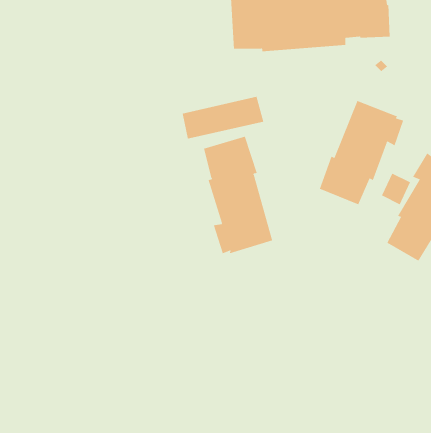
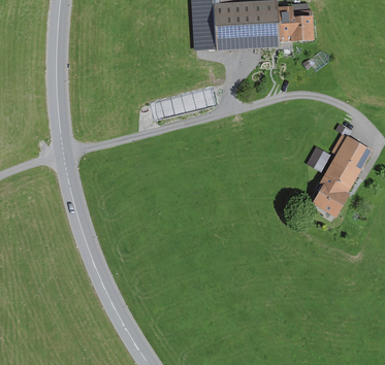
building: [319,100,404,205] -> none
building: [203,136,273,254] -> none

